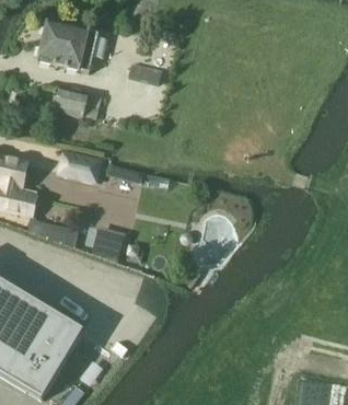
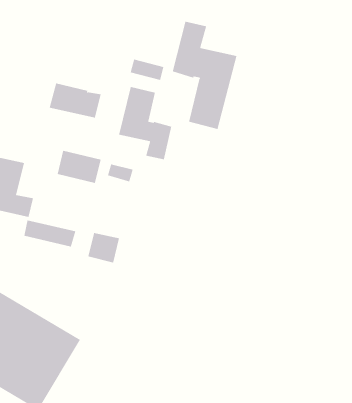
building: [38,20,98,72] -> none
building: none -> [172,21,237,130]
building: none -> [119,86,172,160]

